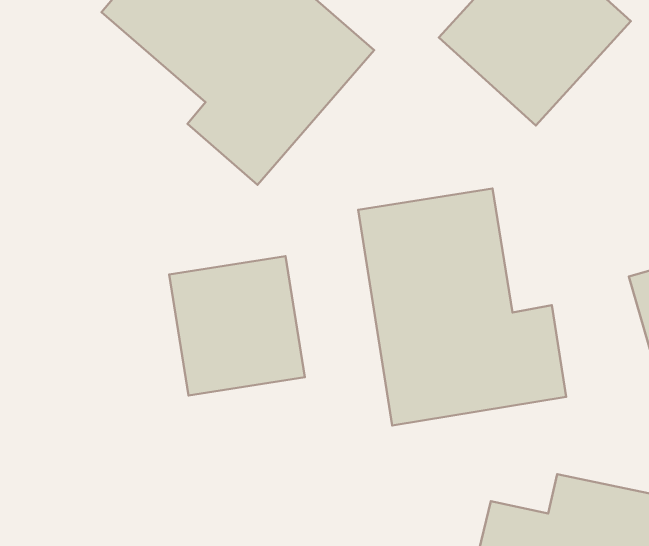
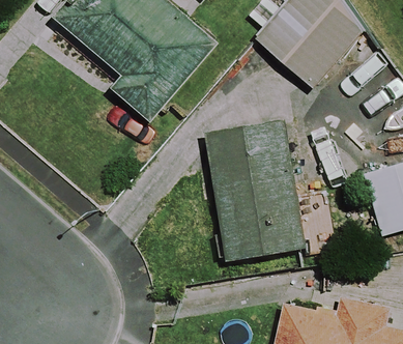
building: [169,256,305,395] -> none

